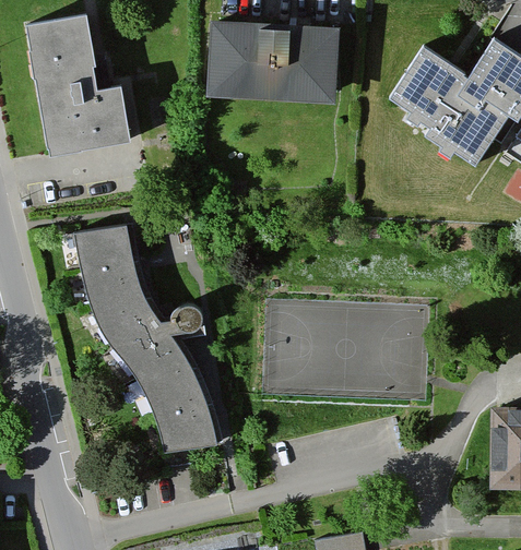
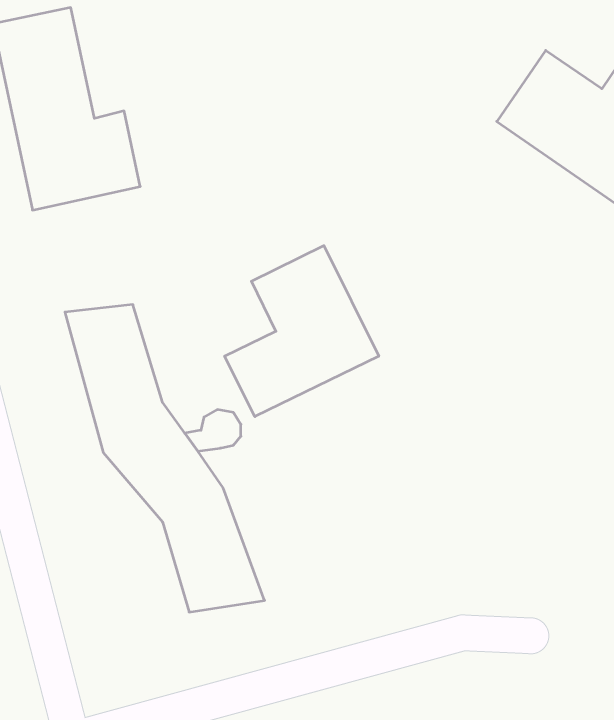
building: [211,16,333,95] -> none
building: none -> [225,246,379,417]

